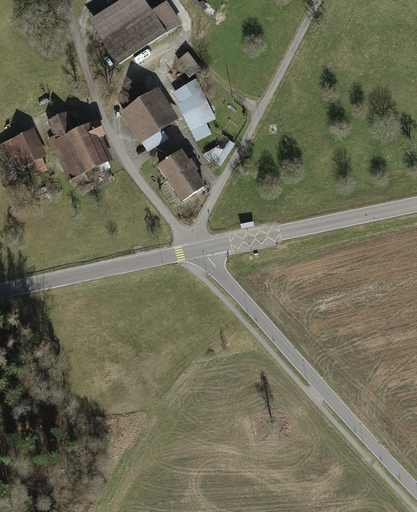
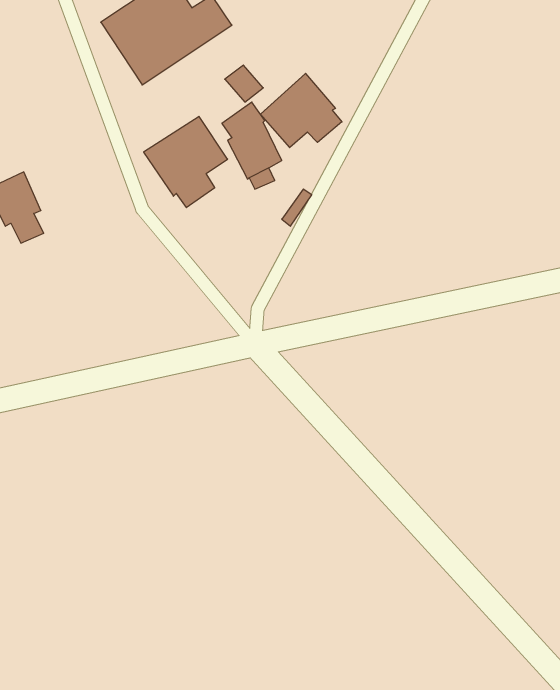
building: none -> [260,73,342,148]
building: [45,108,109,185] -> none
building: [157,148,204,198] -> none

